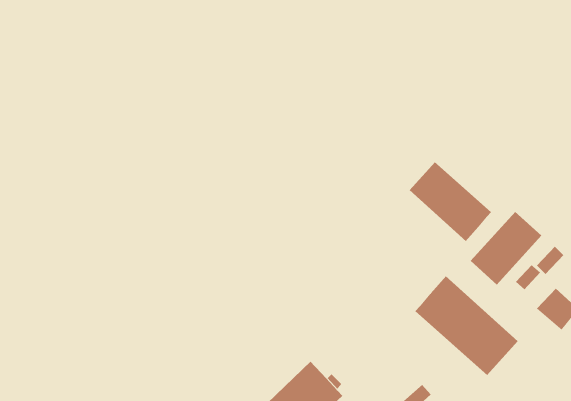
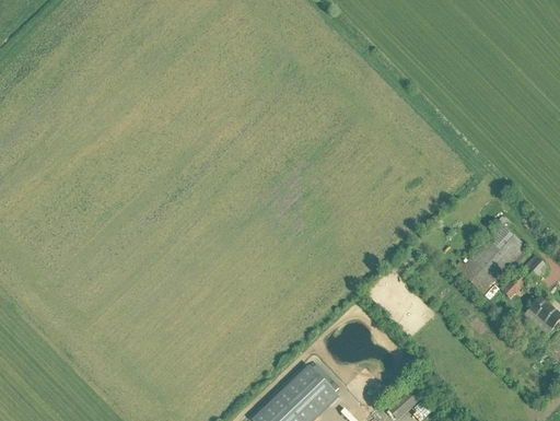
building: [409,162,492,242] -> none
building: [415,275,519,376] -> none

